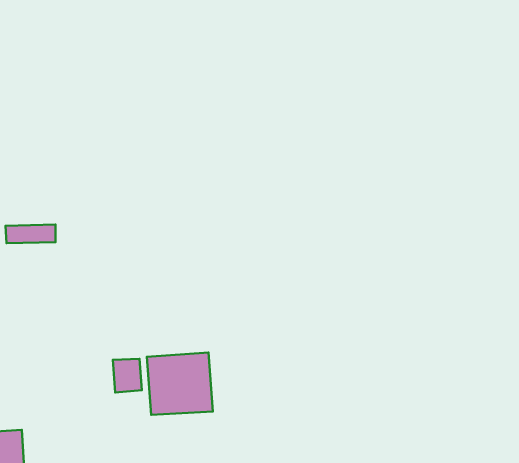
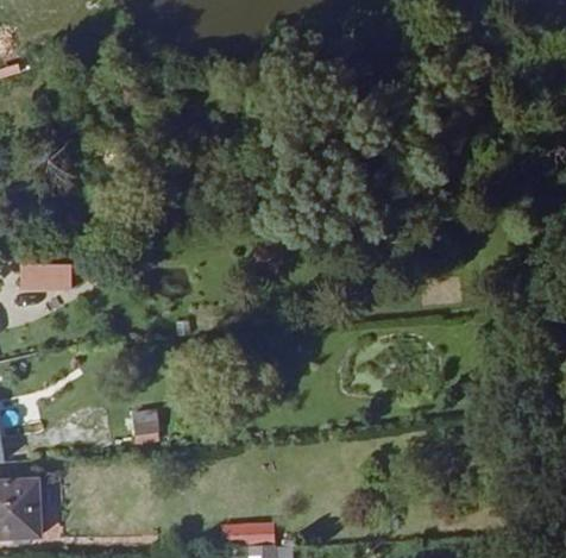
building: [147,352,213,415] -> none

